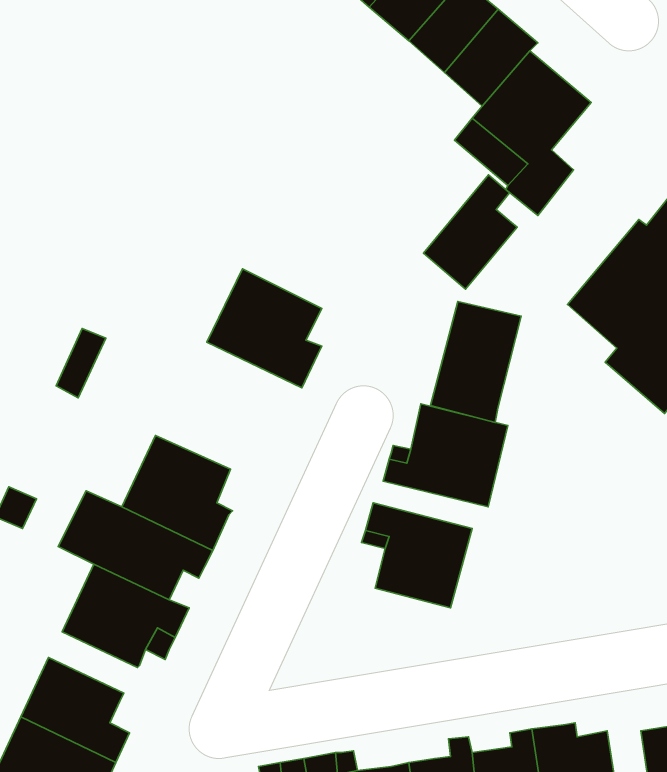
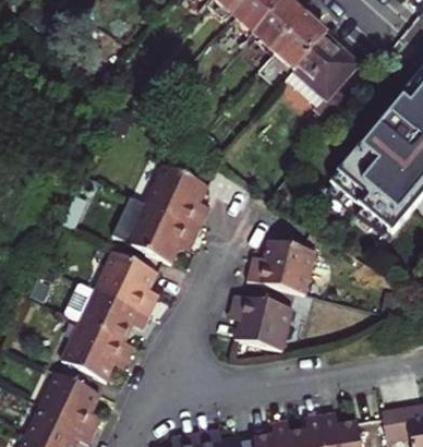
building: [423,175,517,289] -> none
building: [431,302,521,422] -> none
building: none -> [114,194,197,259]

